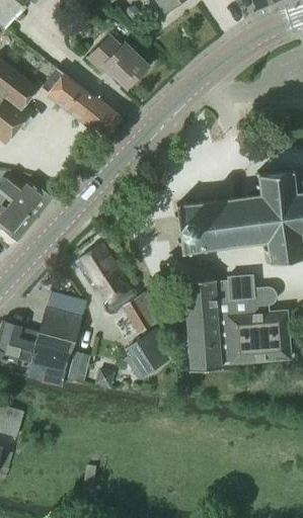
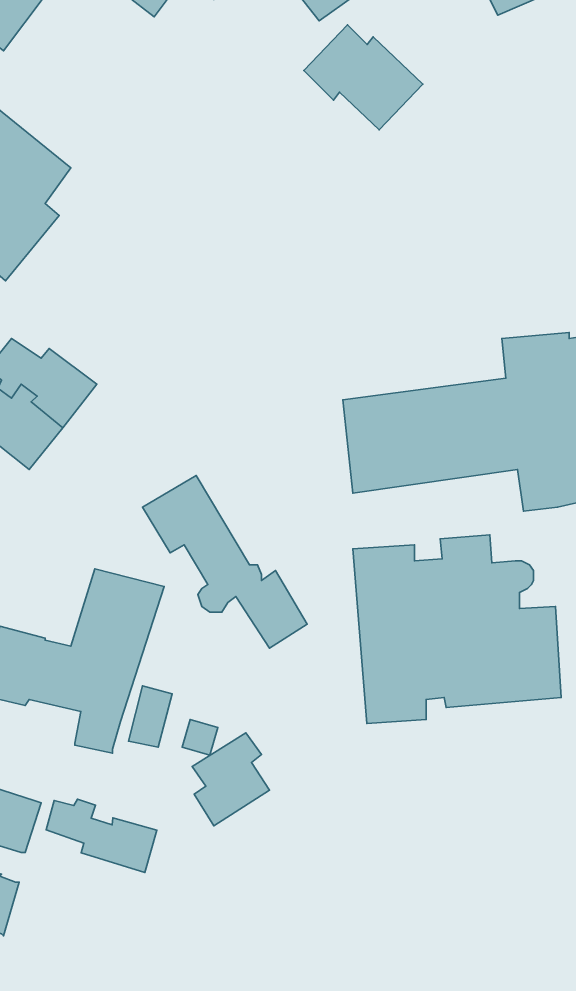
building: [88,34,149,88] -> [304,25,423,130]
building: [42,67,121,139] -> none
building: [128,330,167,377] -> [192,733,270,826]
building: none -> [46,799,157,873]

